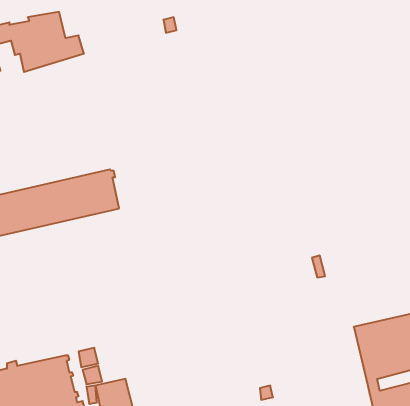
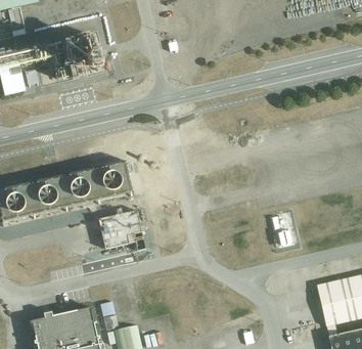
building: none -> [99,210,141,248]

